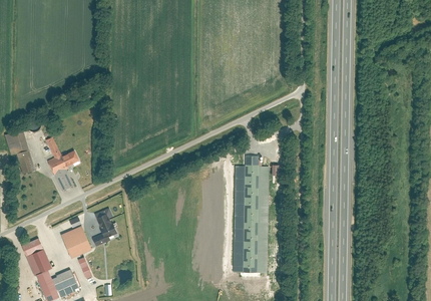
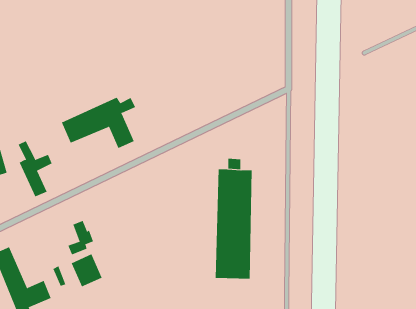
building: none -> [61,97,136,149]
building: [62,226,92,258] -> [71,254,102,287]

